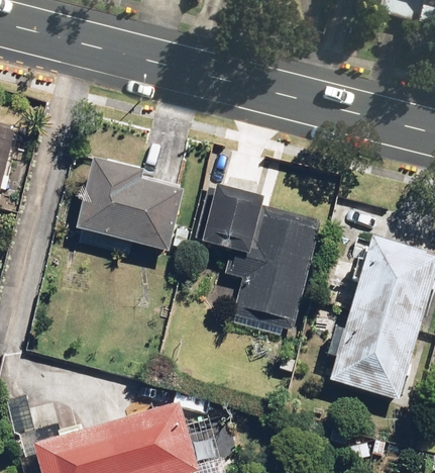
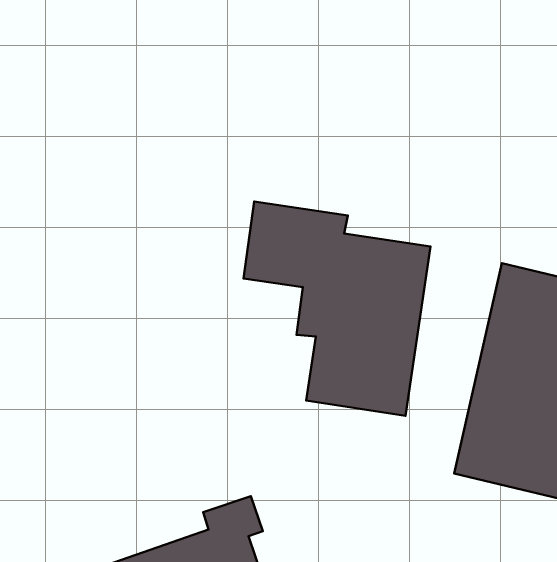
building: [74,156,185,254] -> none

